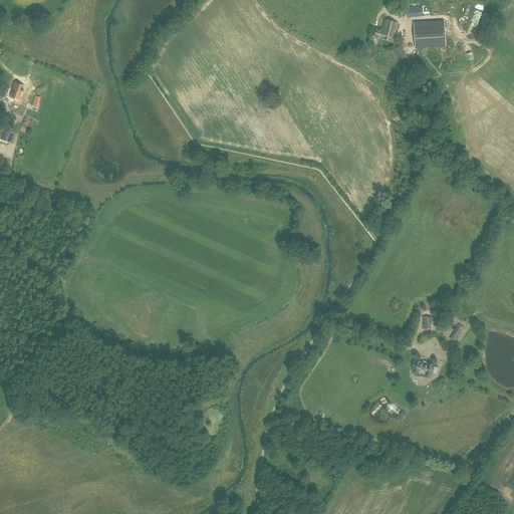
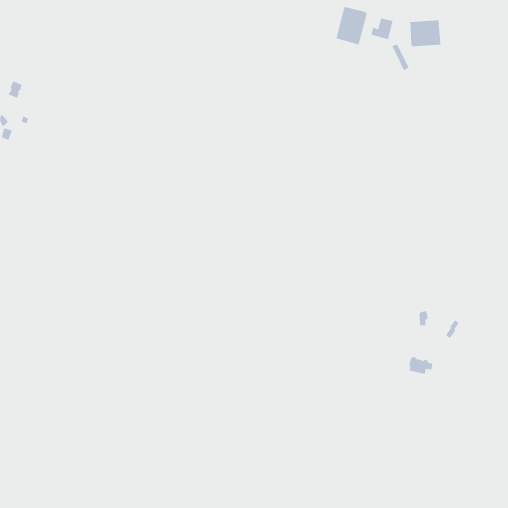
building: none -> [336,6,368,45]

